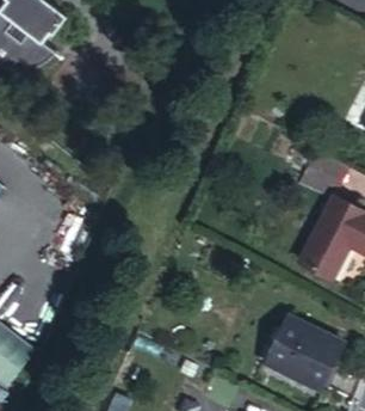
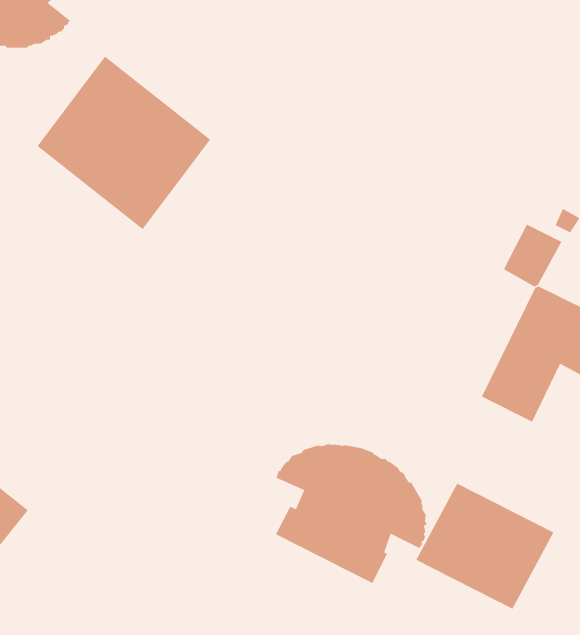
building: none -> [36,56,211,230]
building: none -> [275,443,428,584]

